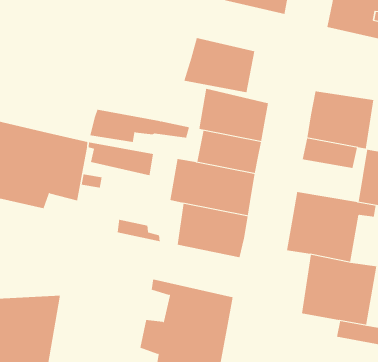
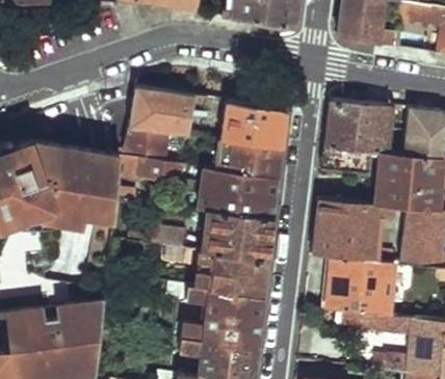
building: [184,37,255,93] -> [126,87,191,136]
building: none -> [188,249,269,297]

